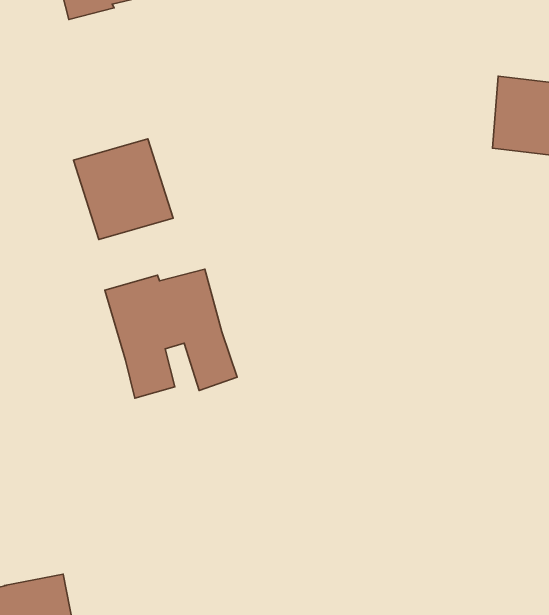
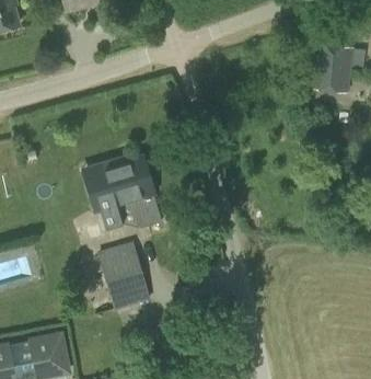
building: [73,139,173,239] -> none
building: none -> [97,242,150,310]

